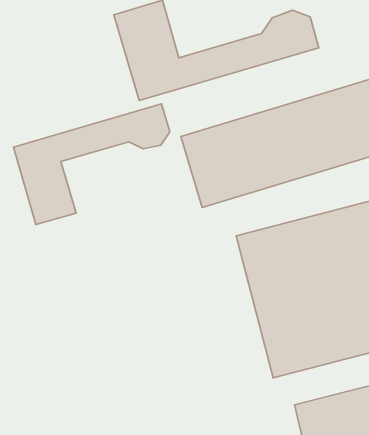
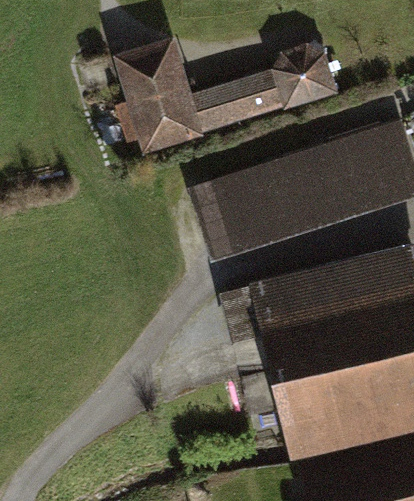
building: [14,104,170,225] -> none

